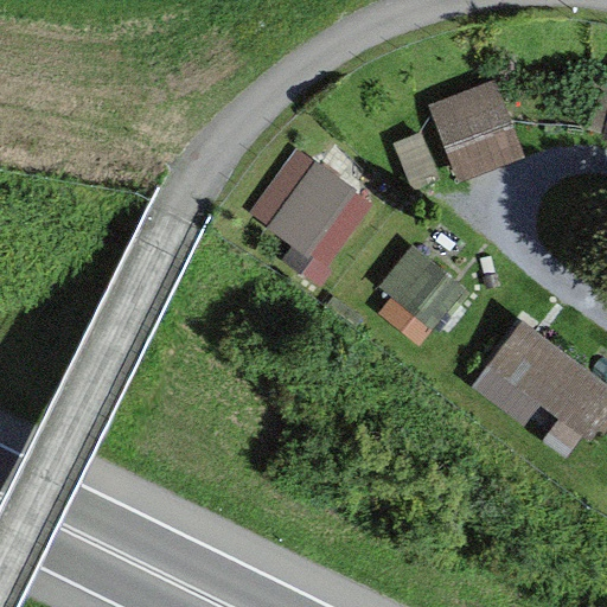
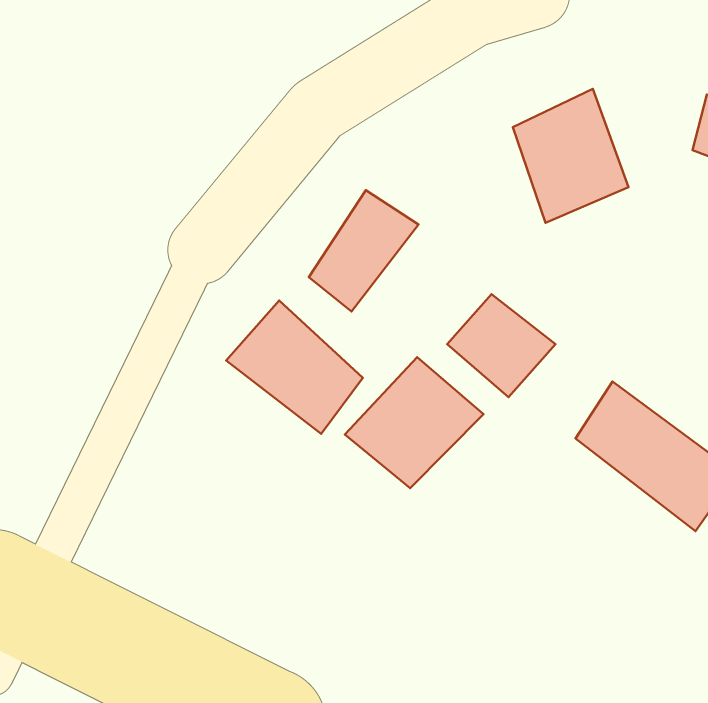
building: none -> [226,301,363,434]
building: none -> [345,357,484,488]

